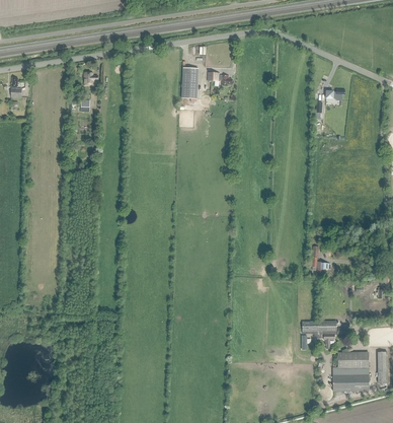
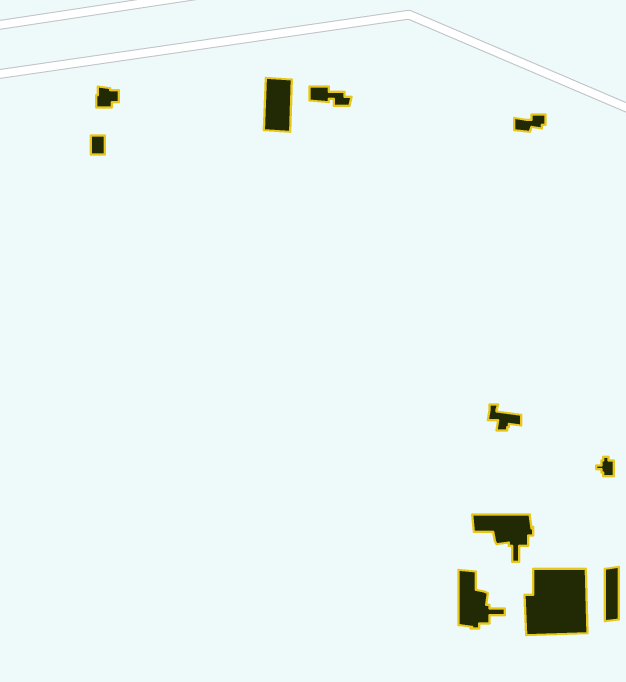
building: none -> [459,570,505,628]

